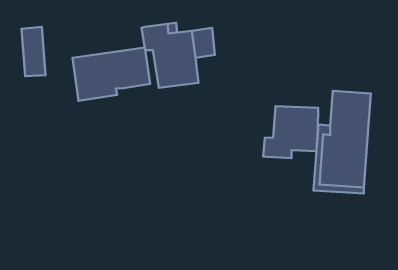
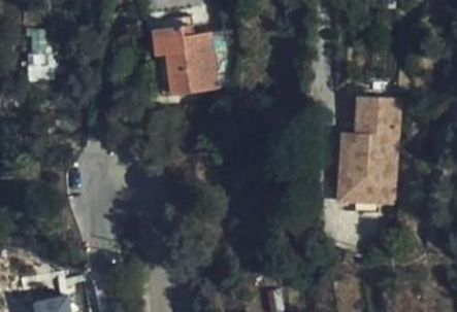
building: [73,48,150,101] -> none
building: [263,106,318,158] -> none

